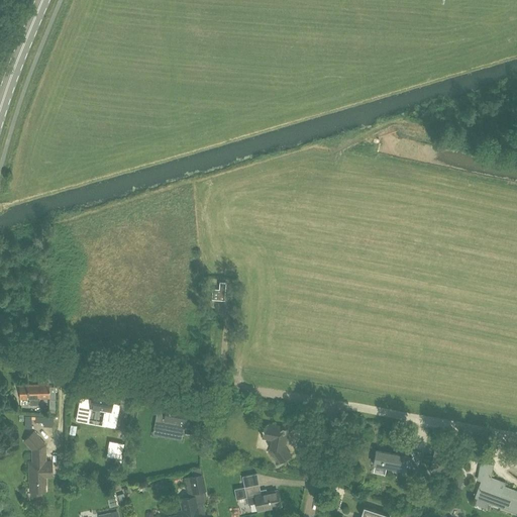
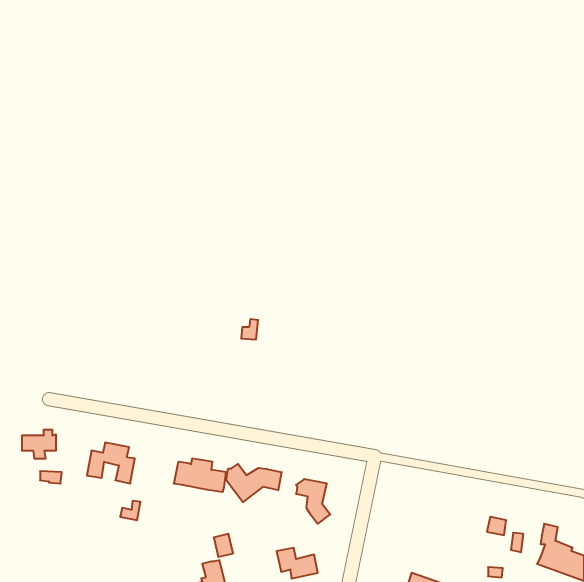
building: none -> [226,464,282,502]
building: [24,434,45,497] -> none
building: [374,452,420,472] -> none

